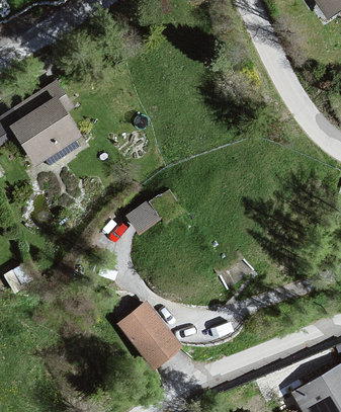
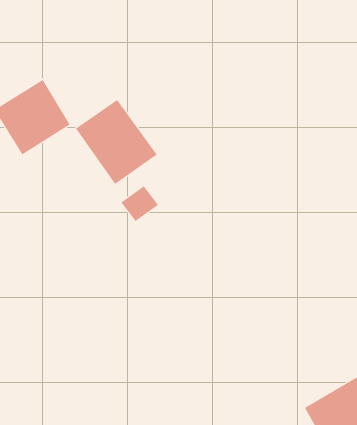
building: none -> [75,99,157,185]
building: [116,304,182,368] -> none

